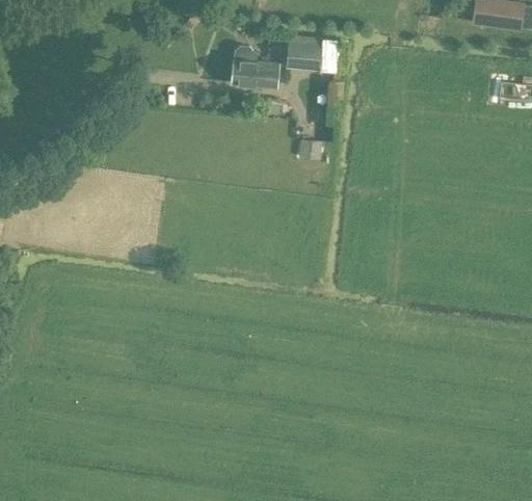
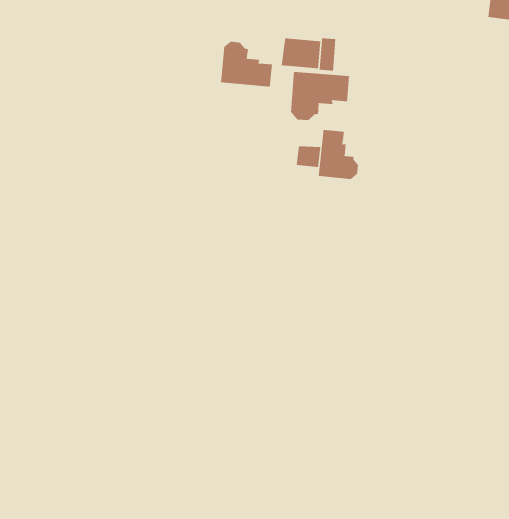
building: none -> [291,71,350,121]
building: none -> [318,129,358,180]

